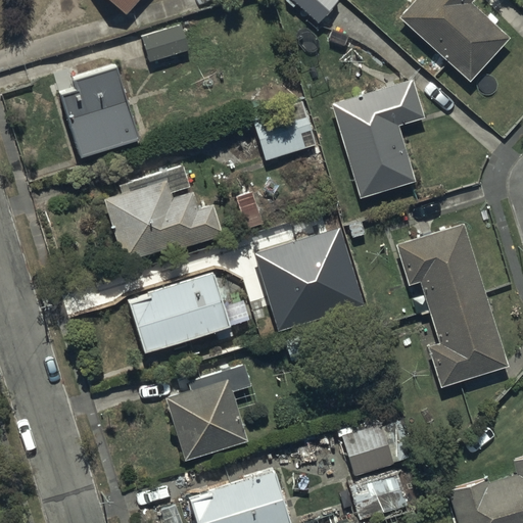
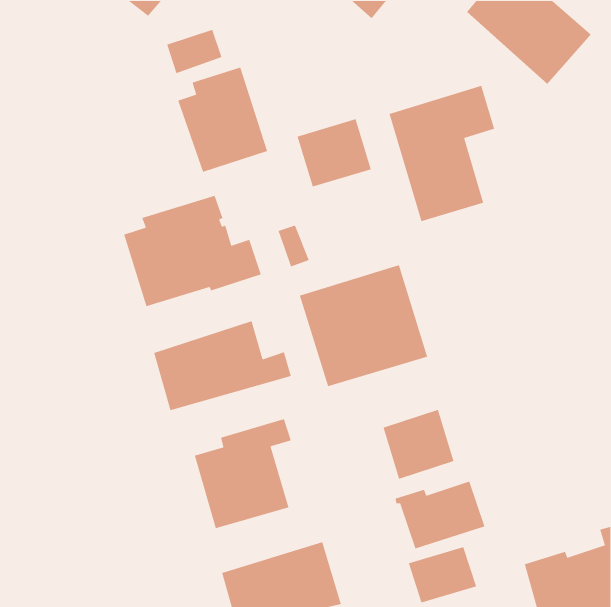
building: [59,70,137,161] -> [177,67,268,173]
building: [393,221,507,384] -> none
building: none -> [382,409,454,480]

